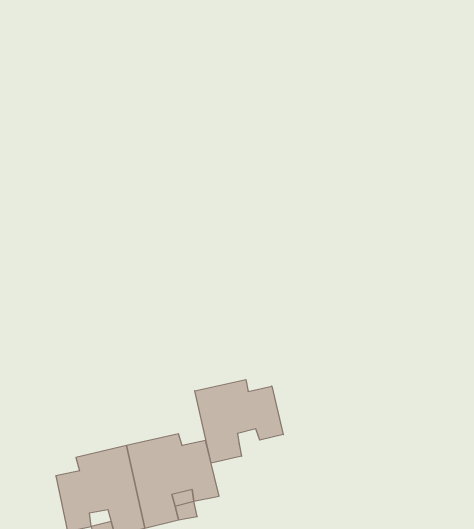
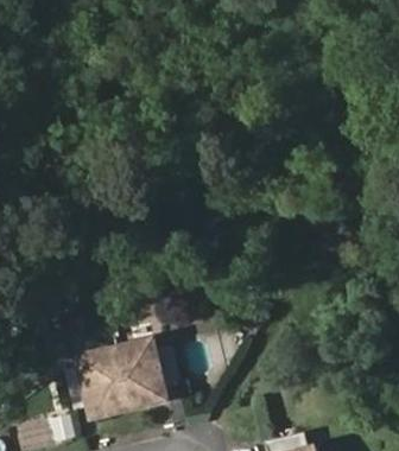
building: [195,380,283,463] -> none

